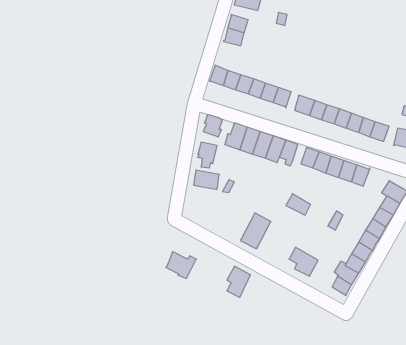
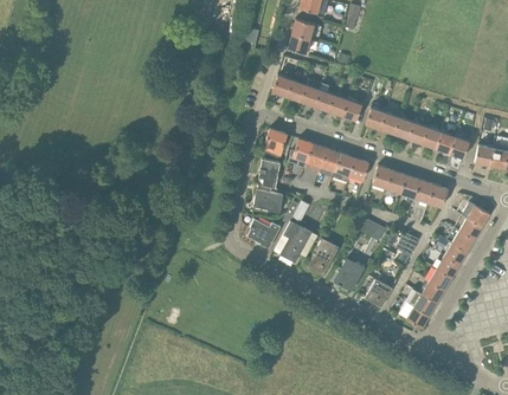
building: none -> [281,222,311,263]
building: [166,252,196,278] -> [247,219,281,248]
building: [227,266,250,297] -> [339,258,365,292]

